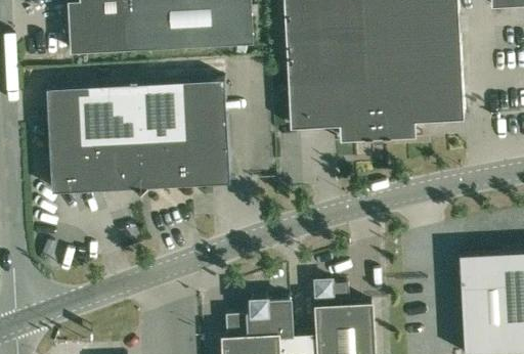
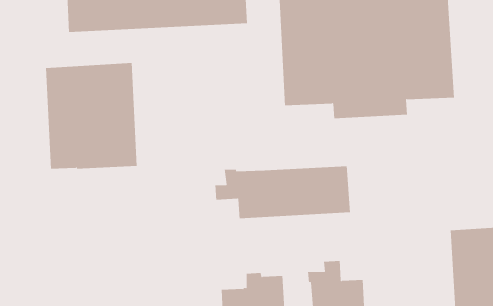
building: [136,80,230,189] -> none
building: none -> [215,165,351,219]

